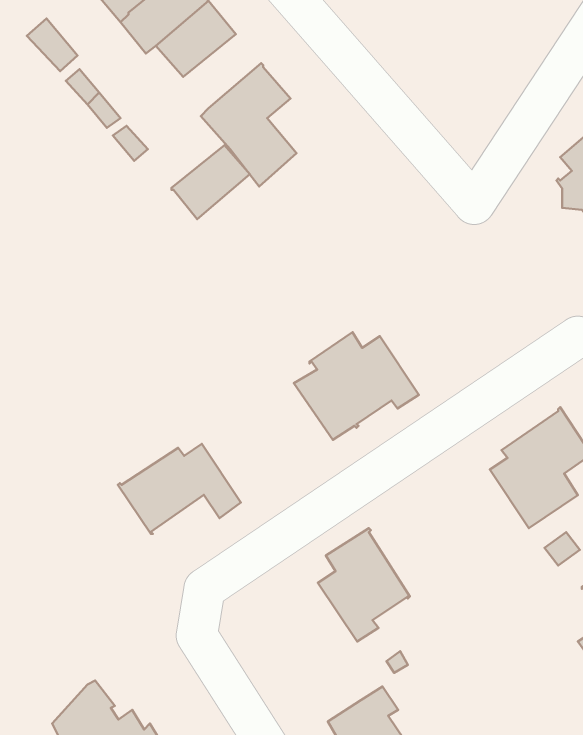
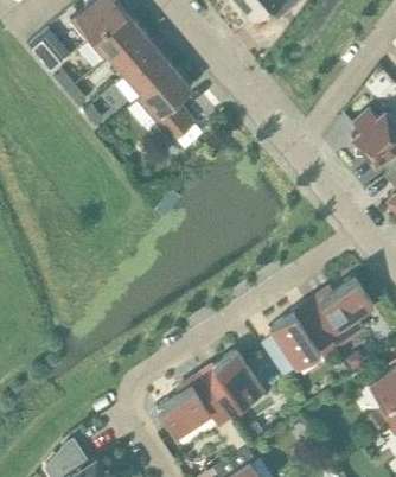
building: [172,145,250,219] -> [126,50,173,95]
building: [294,332,419,440] -> [260,312,336,377]
building: [118,444,241,534] -> [157,383,231,438]

